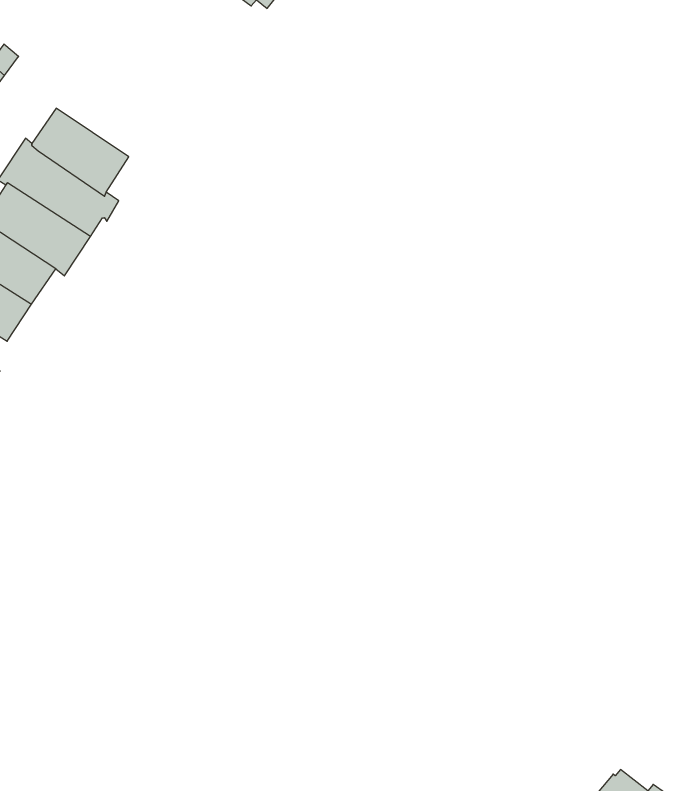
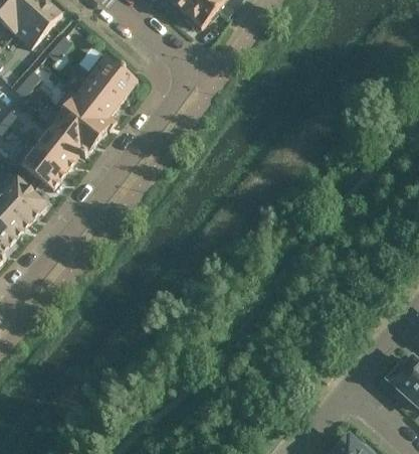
building: none -> [87,53,137,100]

